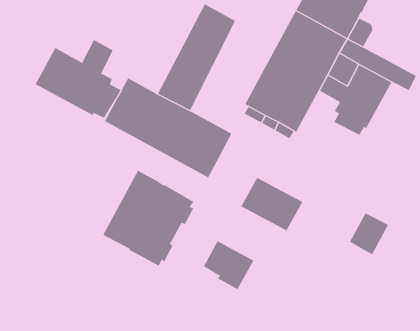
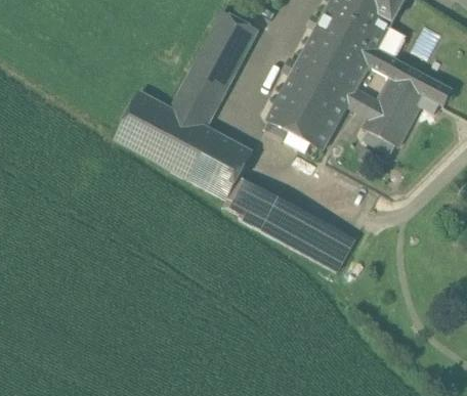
building: [35,39,121,119] -> none
building: [102,170,194,267] -> none
building: [349,212,389,255] -> [311,224,354,270]
building: [203,241,254,290] -> [223,176,279,229]

